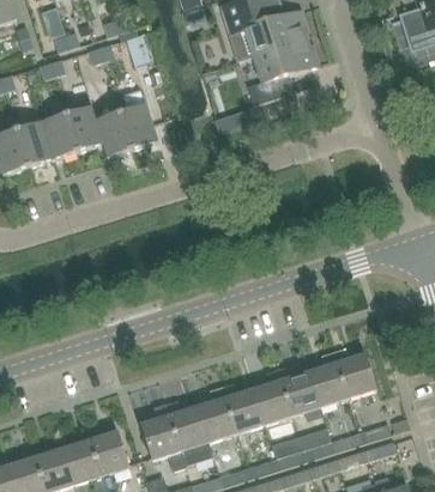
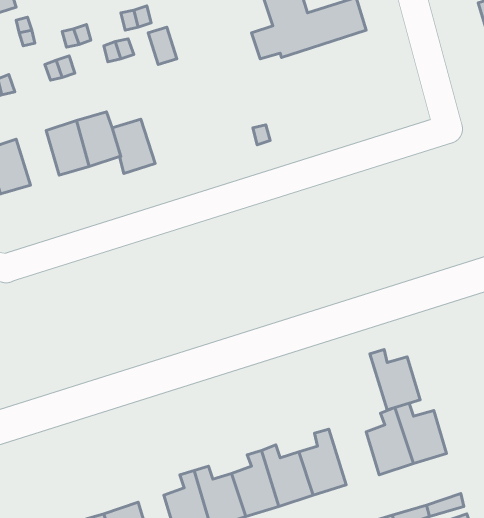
building: [247,37,318,104] -> none
building: [121,89,158,148] -> none
building: [17,121,53,166] -> none
building: [278,366,320,417] -> [370,350,420,410]

